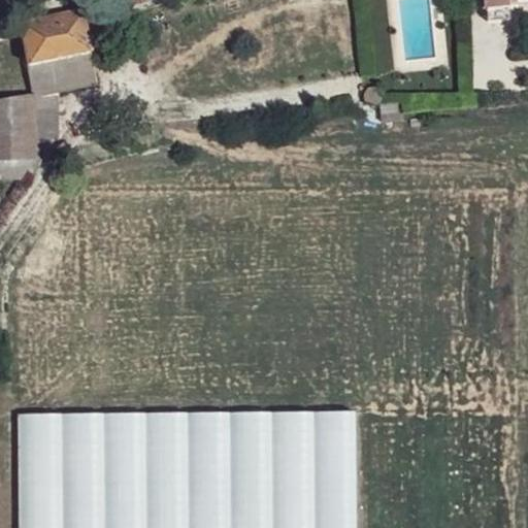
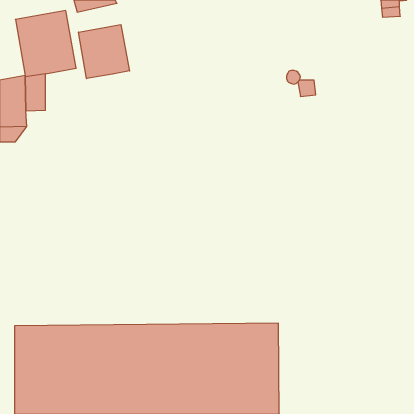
building: none -> [79,25,130,79]

